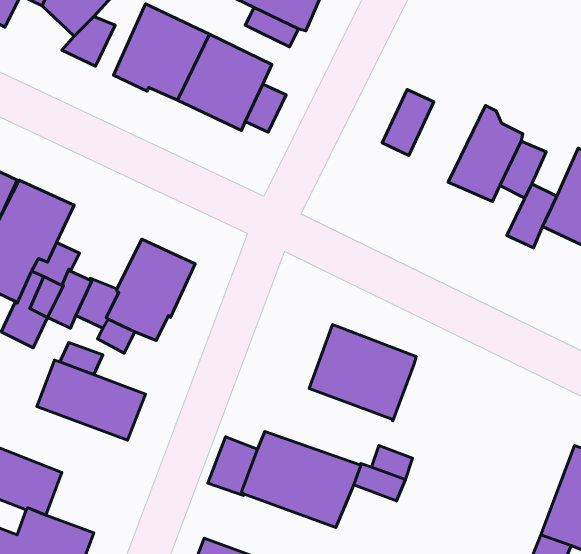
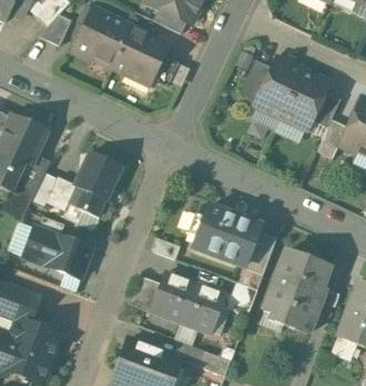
building: none -> [253,63,303,118]
building: none -> [244,231,276,275]
building: none -> [264,250,329,334]

